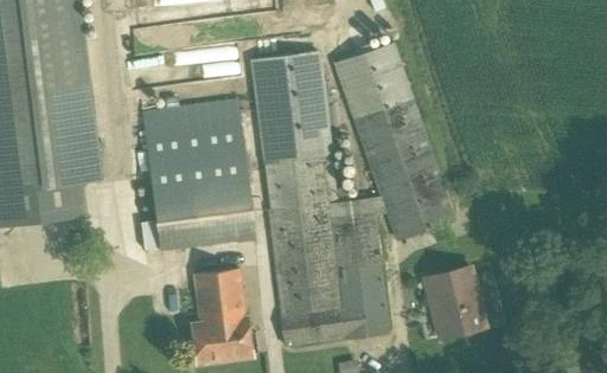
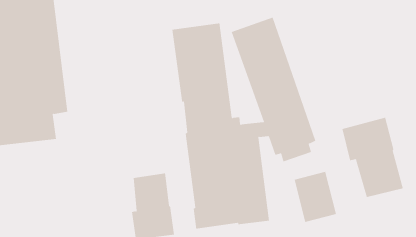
building: [142,97,256,250] -> none
building: none -> [342,117,403,198]

